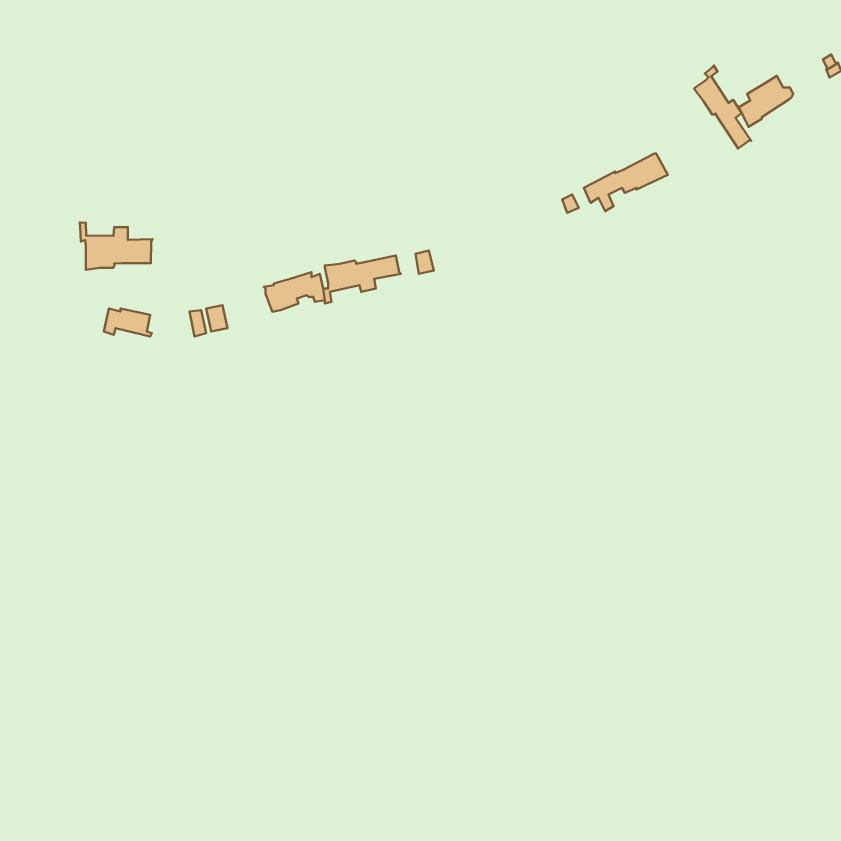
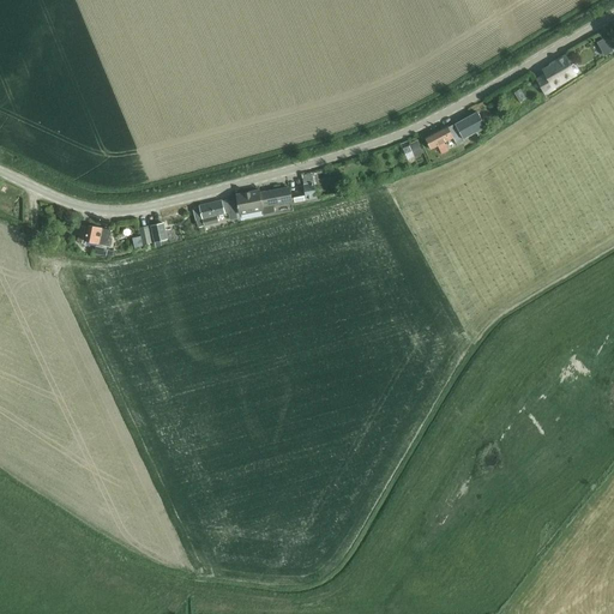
building: [694,65,751,148] -> none
building: [80,222,152,270] -> none

